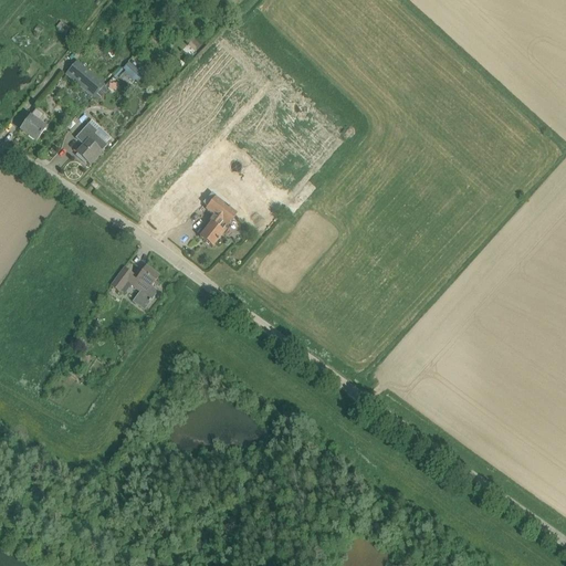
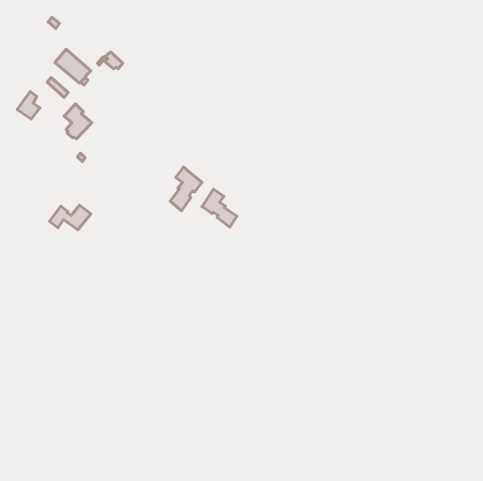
building: none -> [202,189,237,227]
building: [111,265,159,294] -> [49,205,91,230]

